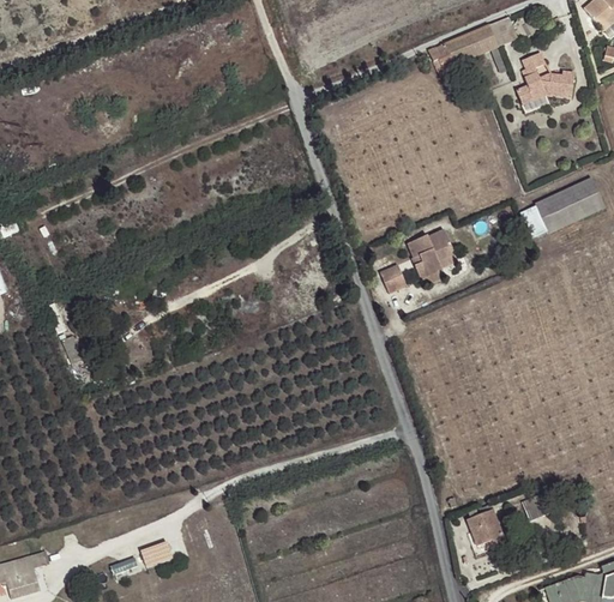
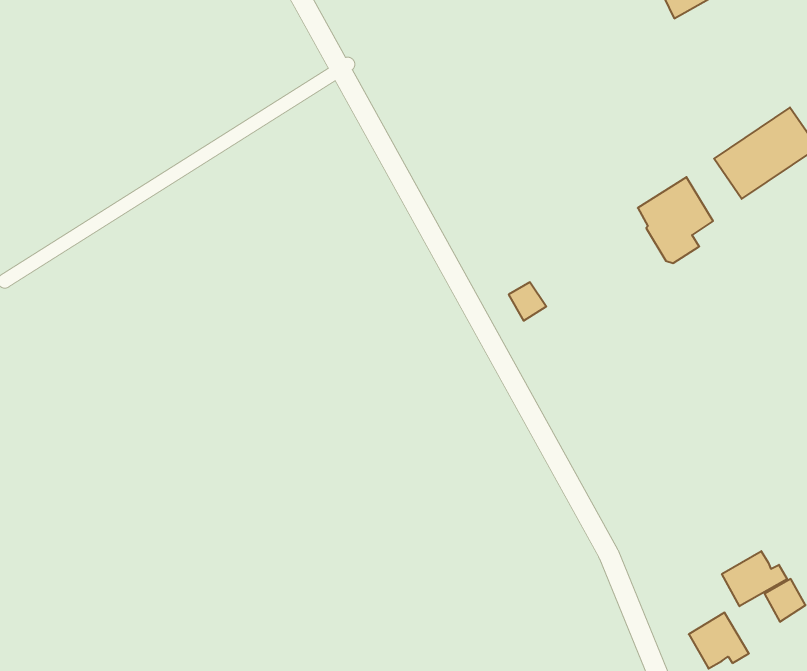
building: [408,228,457,284] -> [638,177,713,263]
building: none -> [722,551,787,606]

